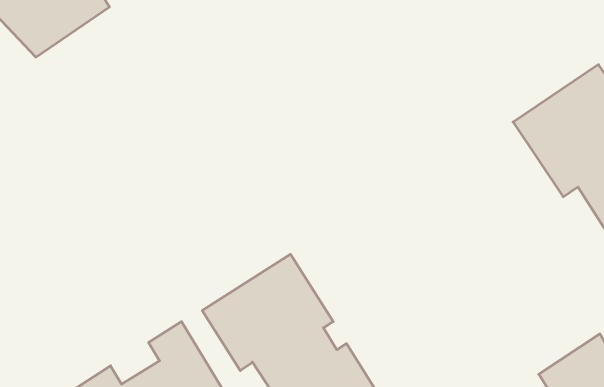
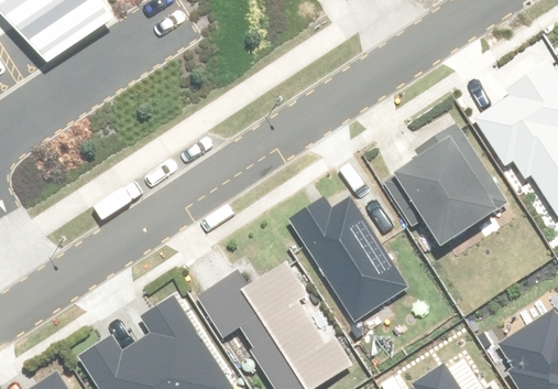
building: none -> [394,134,501,246]
building: none -> [294,199,408,326]

